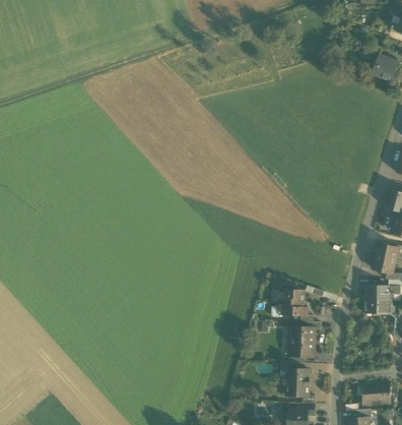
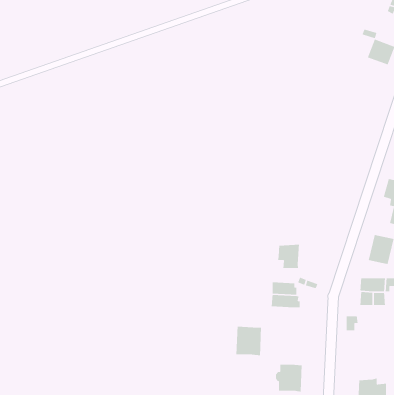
building: none -> [277,244,300,269]
building: [289,326,315,356] -> [236,326,262,356]

